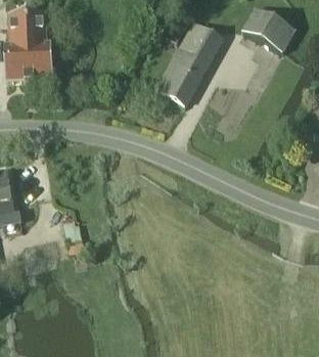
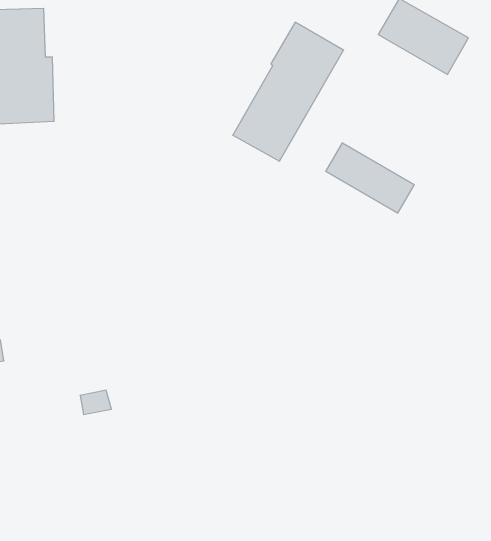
building: none -> [326,143,414,213]

